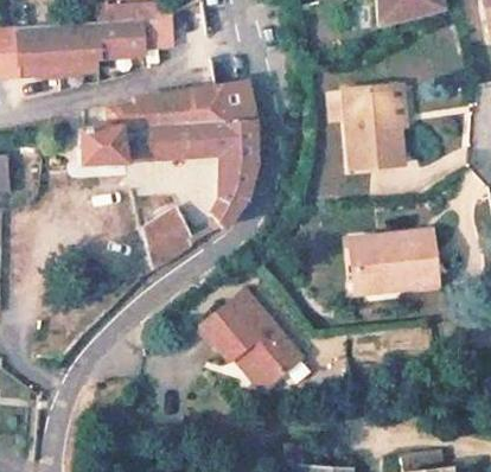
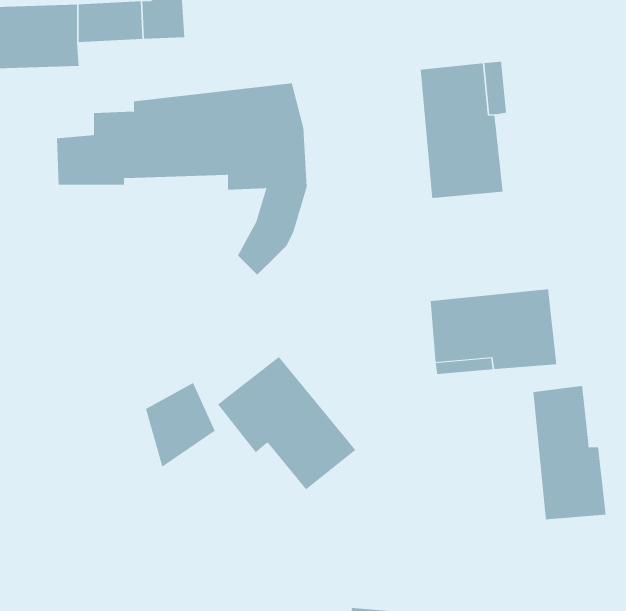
building: [144,206,193,267] -> [145,382,215,468]
building: none -> [533,385,606,520]

